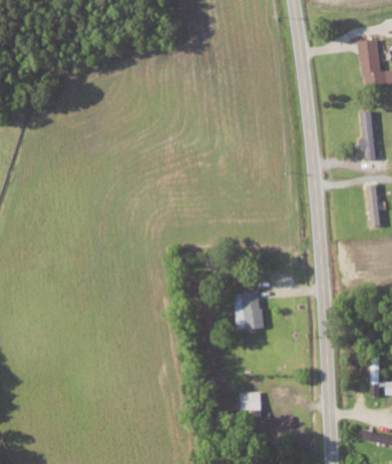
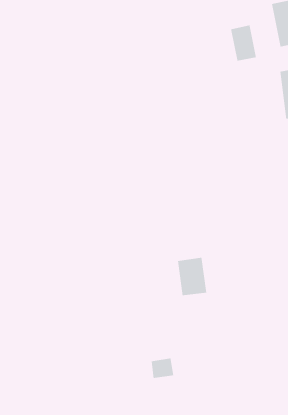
building: none -> [231,24,256,61]
building: [241,393,263,412] -> [151,358,174,379]

